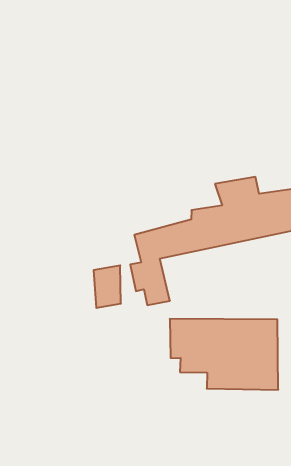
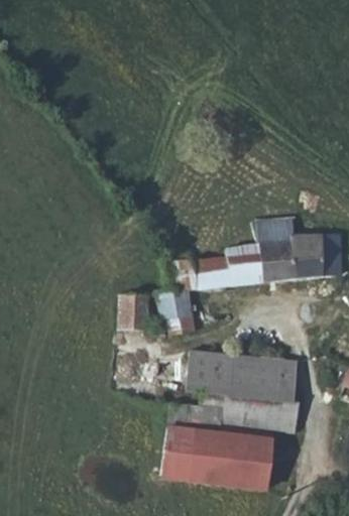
building: none -> [161,403,294,492]

